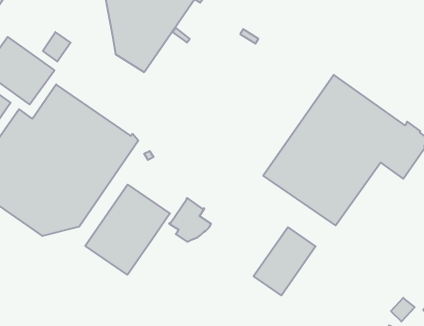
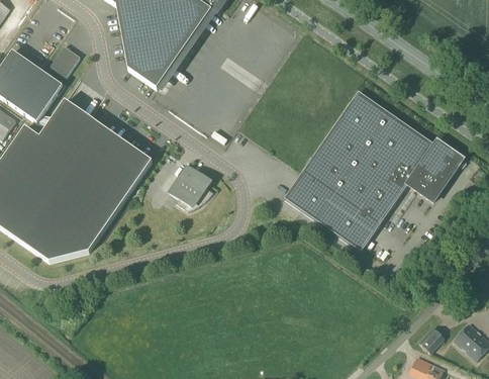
building: [85,185,170,275] -> none
building: [169,198,211,242] -> [169,164,213,210]
building: [254,227,316,295] -> none

